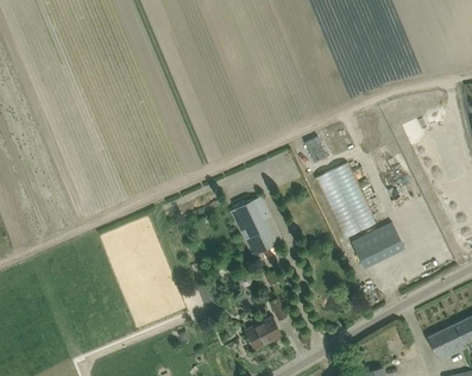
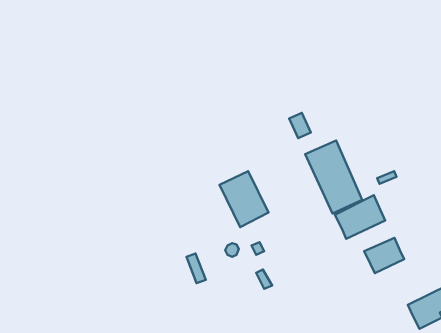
building: none -> [364,238,404,273]
building: [245,317,282,350] -> none

